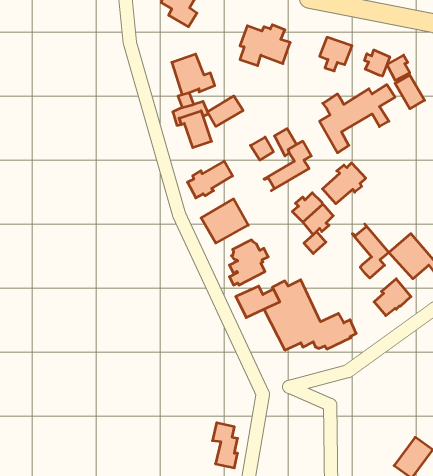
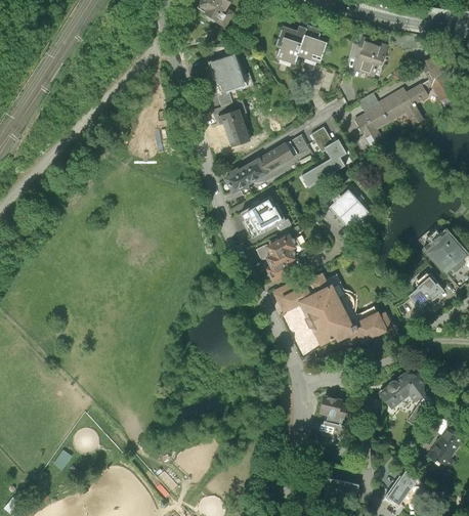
building: [365,50,390,76] -> none
building: [207,96,243,126] -> [261,143,296,173]
building: [322,163,366,204] -> none
building: [352,224,389,278] -> none
building: none -> [379,373,432,429]
building: [212,423,238,468] -> [318,396,343,440]

